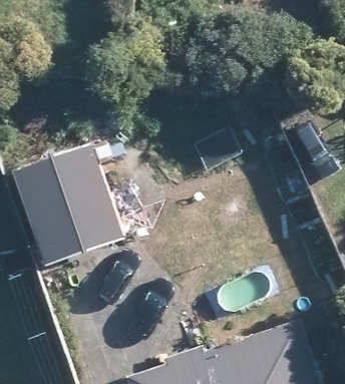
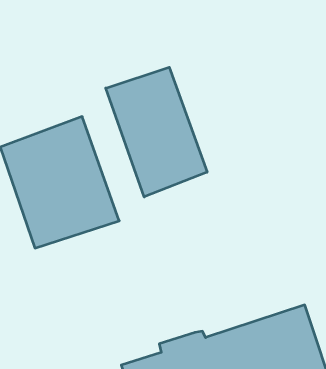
building: none -> [106,67,207,197]

